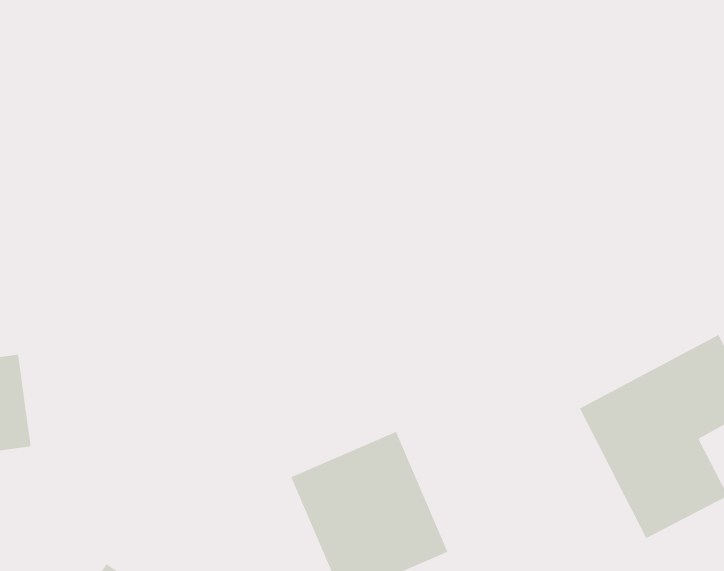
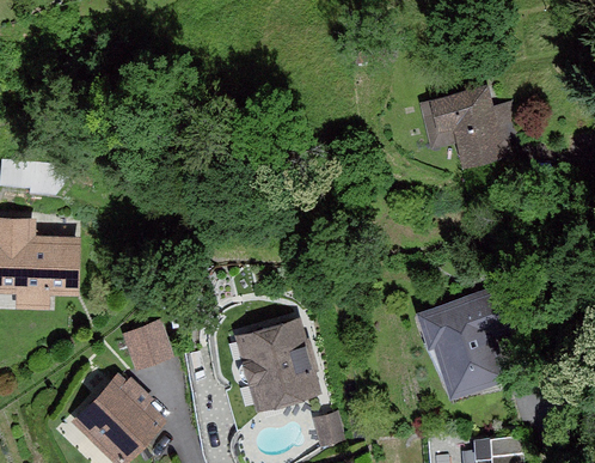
building: none -> [421,86,509,169]
building: none -> [127,319,179,370]

